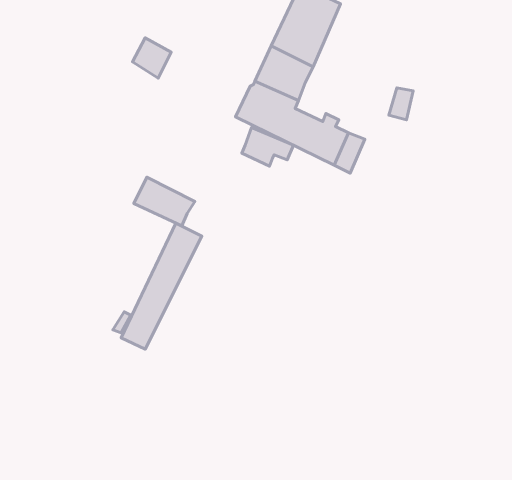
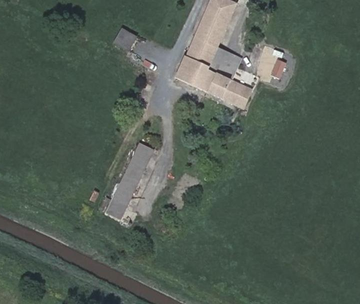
building: [242,127,294,166] -> [212,55,244,79]
building: [134,177,195,226] -> none

